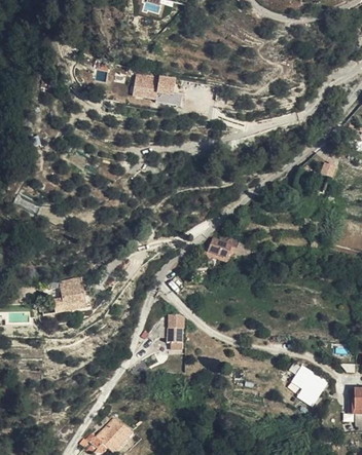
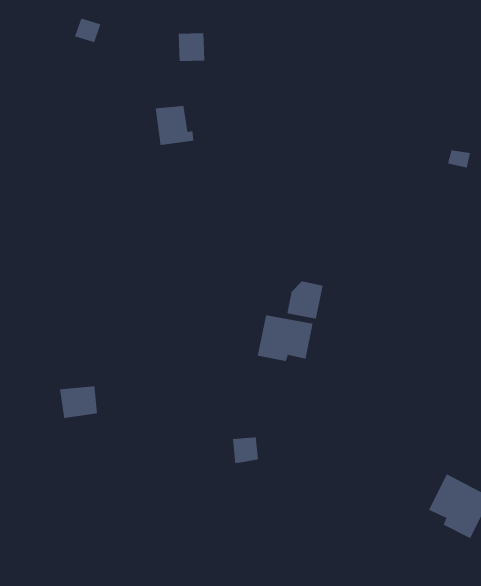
building: [133,73,155,97] -> [155,105,194,146]
building: none -> [257,314,313,362]

